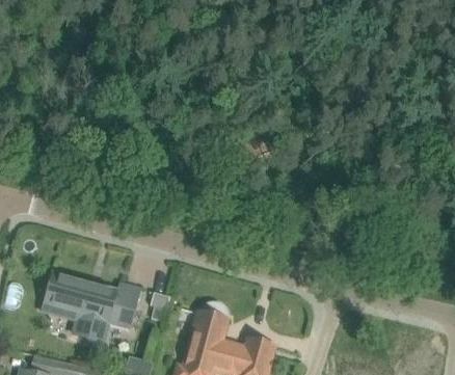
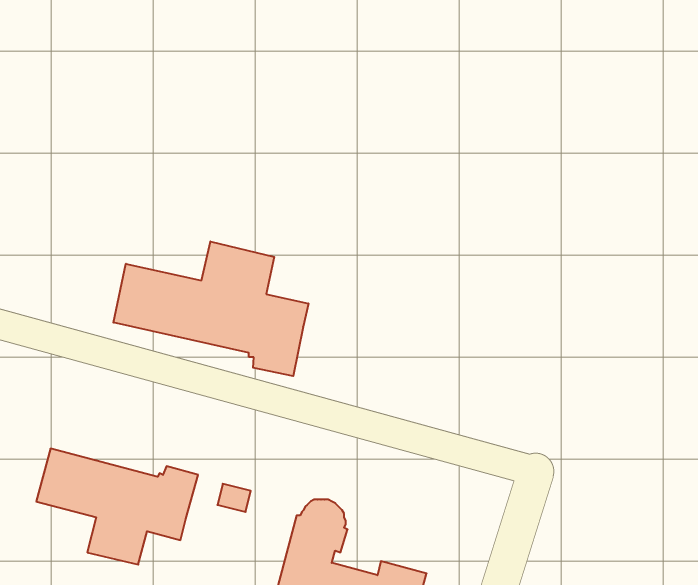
building: none -> [113,241,308,376]

